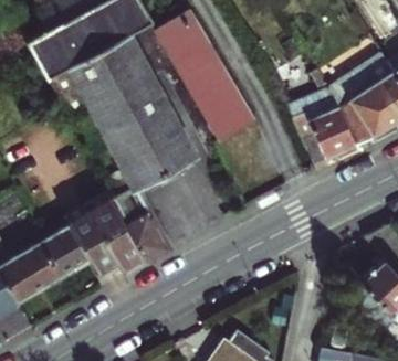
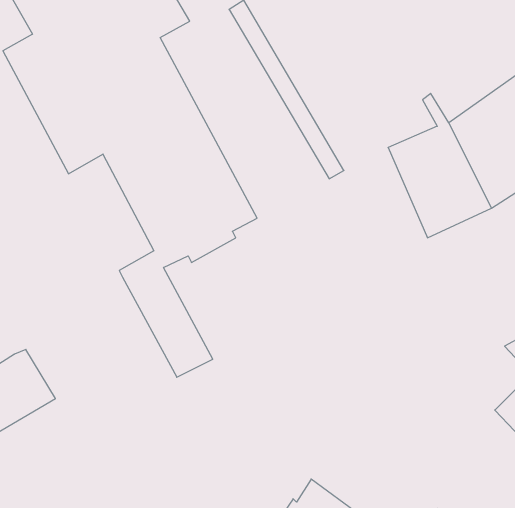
building: [156,13,247,141] -> none
building: [42,193,144,277] -> none

